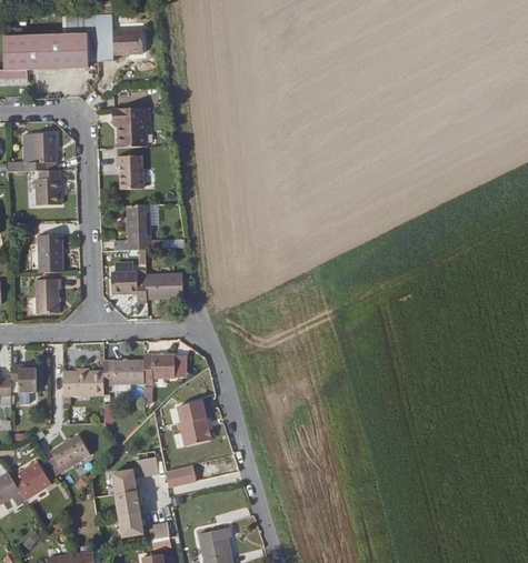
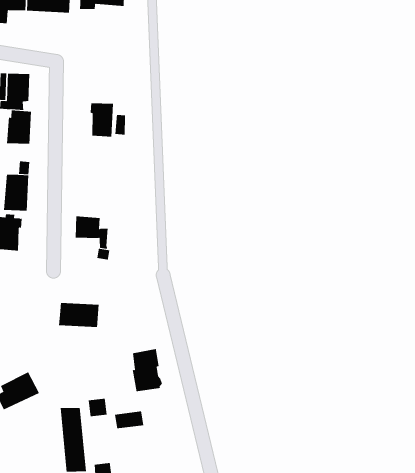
building: [113,109,150,149] -> none
building: [127,205,151,250] -> none
building: [146,273,181,300] -> none
building: [142,354,175,383] -> none
building: [62,370,102,395] -> none

